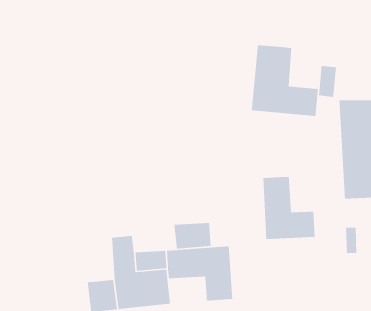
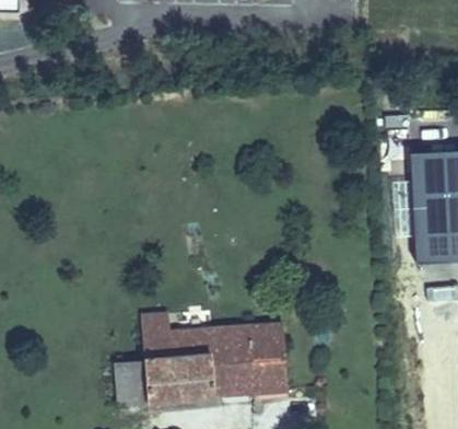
building: [251,45,319,117] -> none
building: [263,176,315,240] -> none
building: [173,222,212,249] -> [209,360,254,392]

